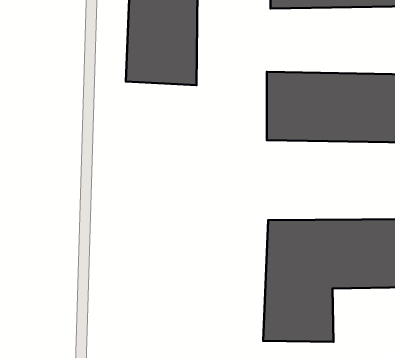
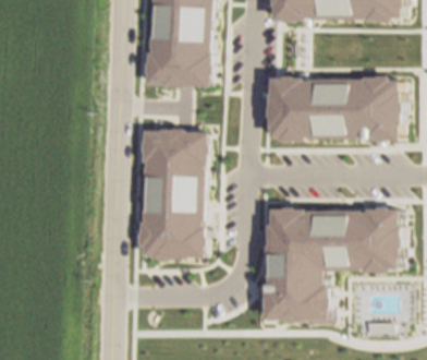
building: none -> [137,128,205,257]

